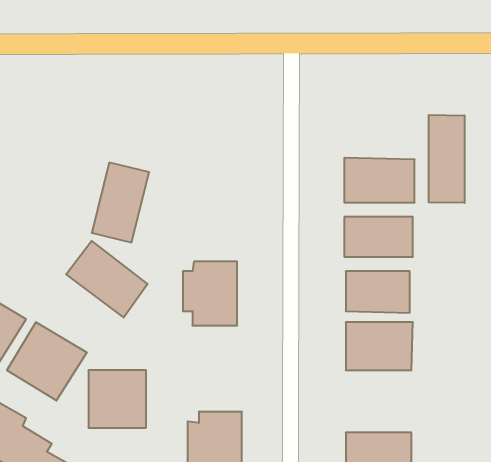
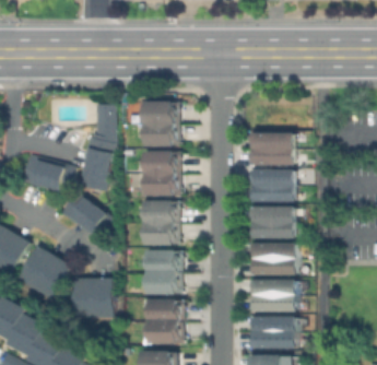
building: none -> [136,101,176,143]
building: [429,115,465,203] -> none
building: none -> [94,104,114,129]
building: none -> [137,152,174,197]
building: none -> [21,153,75,193]
building: none -> [140,257,177,301]
building: none -> [249,285,295,313]

